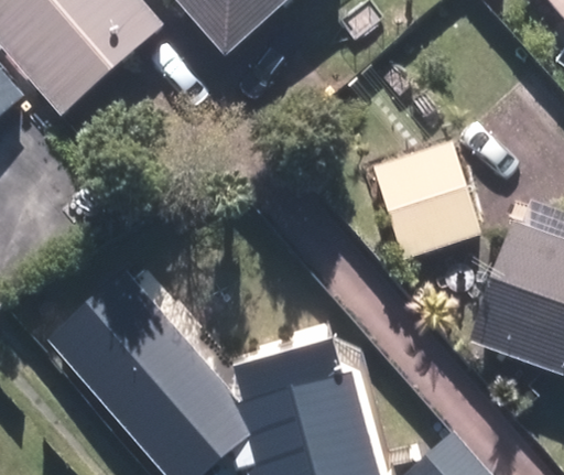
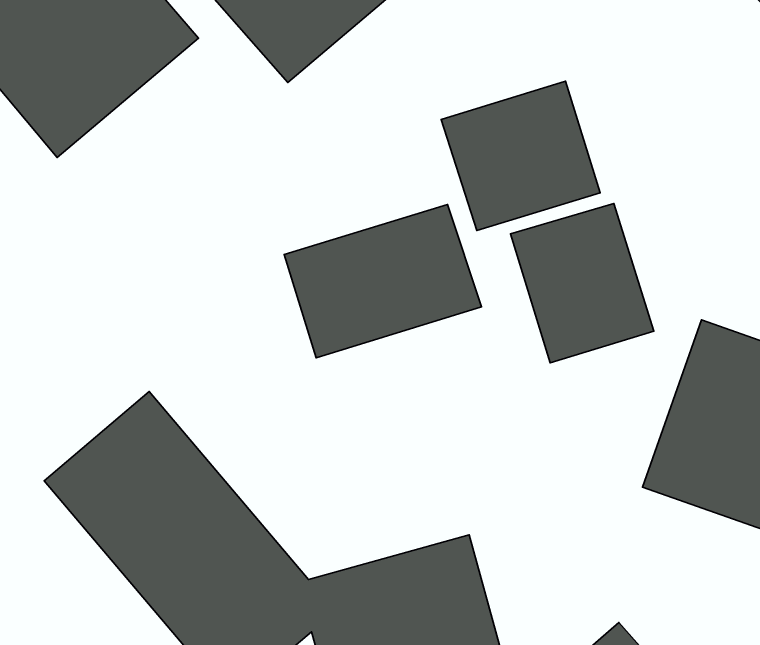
building: none -> [441,81,600,230]
building: none -> [284,204,481,358]

